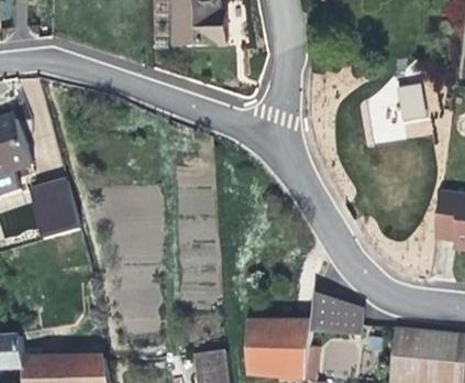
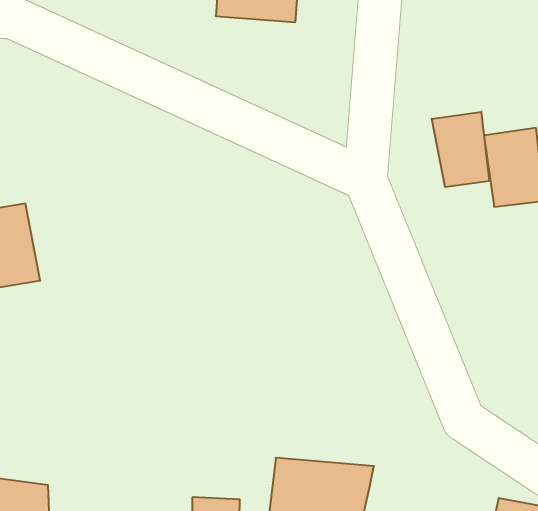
building: none -> [432,112,489,187]
building: [309,292,358,338] -> none

